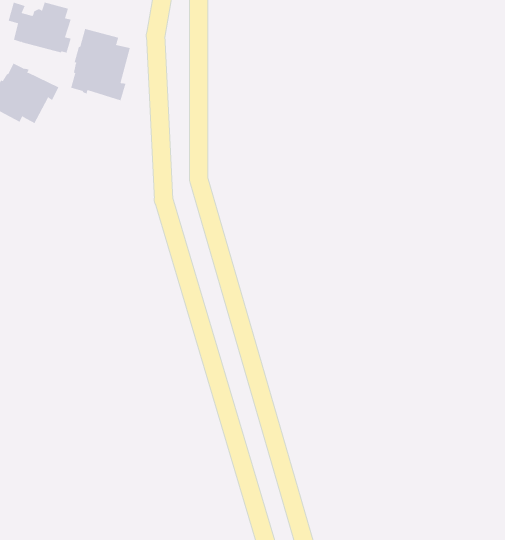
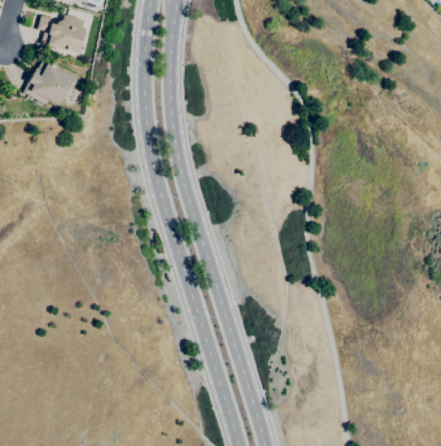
building: [70,28,130,101] -> none

